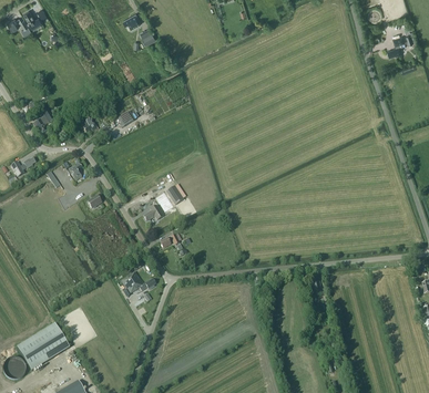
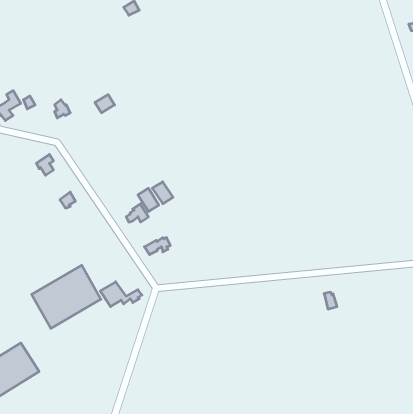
building: none -> [32,265,101,328]

